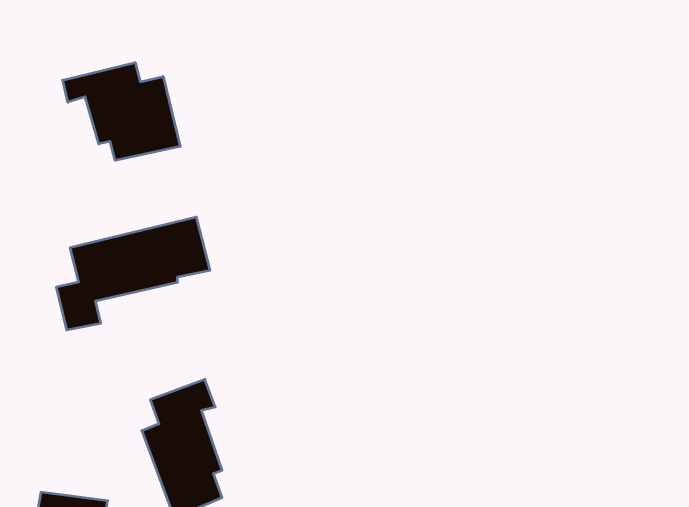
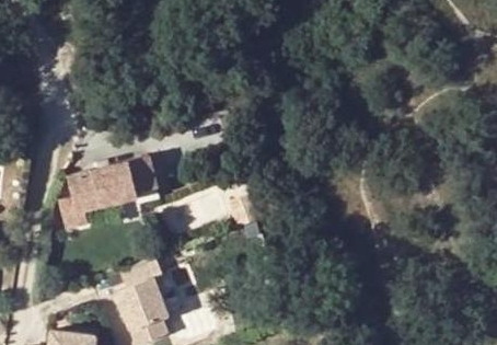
building: [63,63,180,160] -> none

